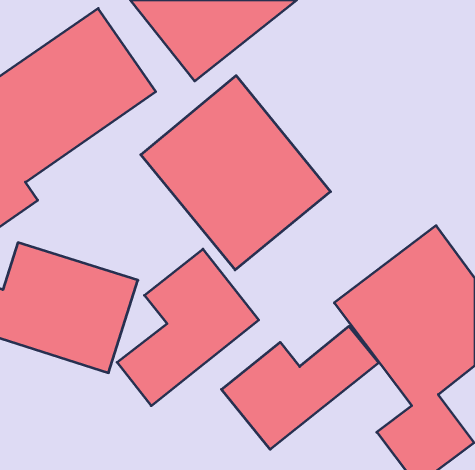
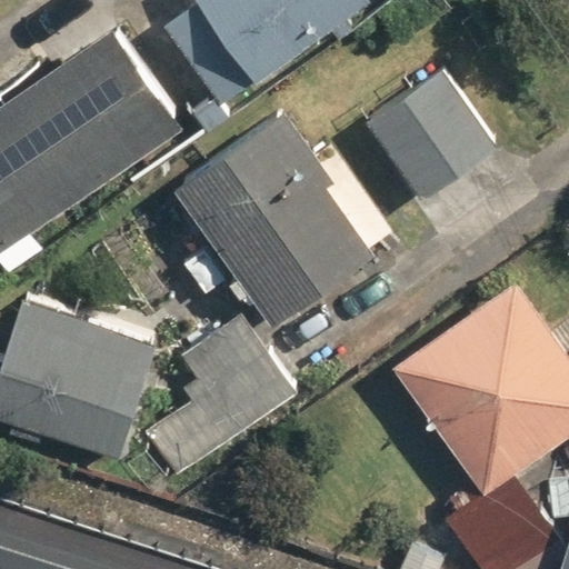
building: none -> [363,76,495,208]
building: [221,326,379,449] -> none

